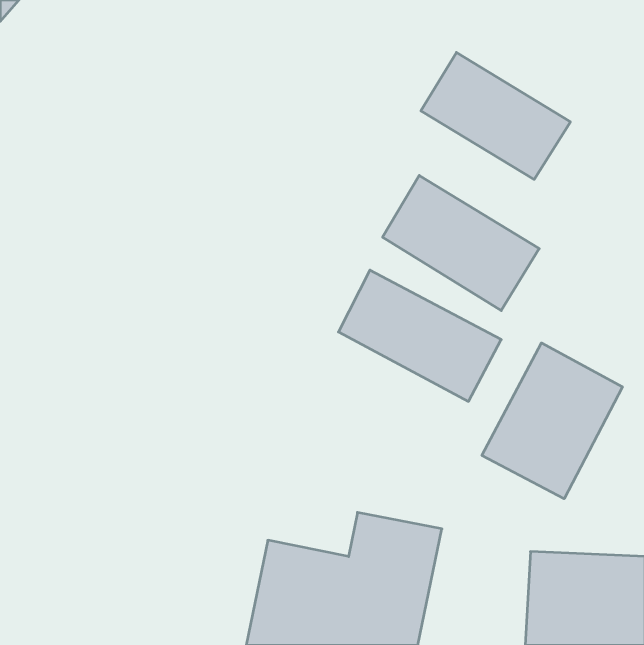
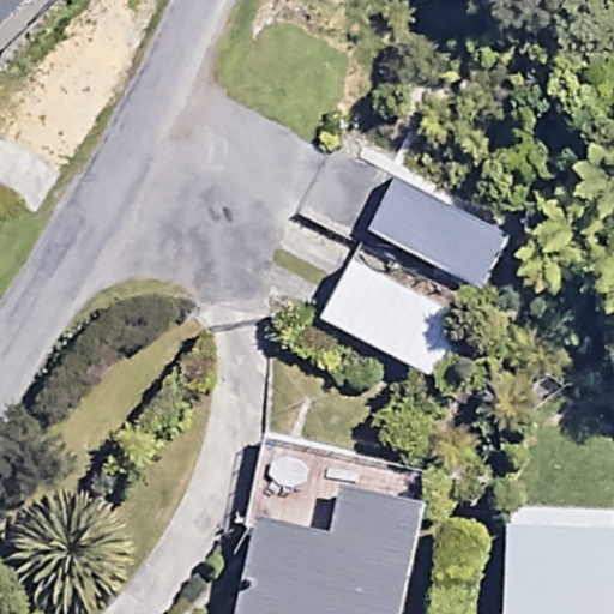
building: [421,52,570,179] -> none
building: [482,343,622,499] -> none

